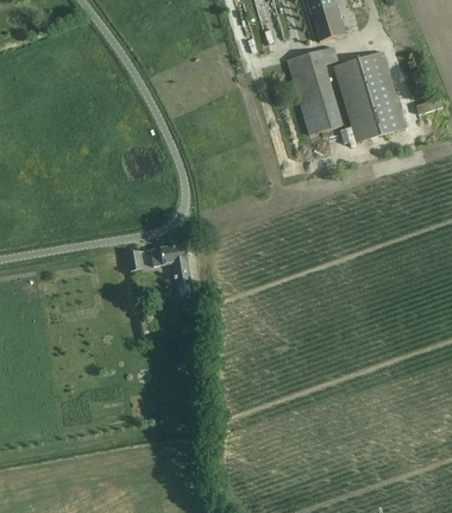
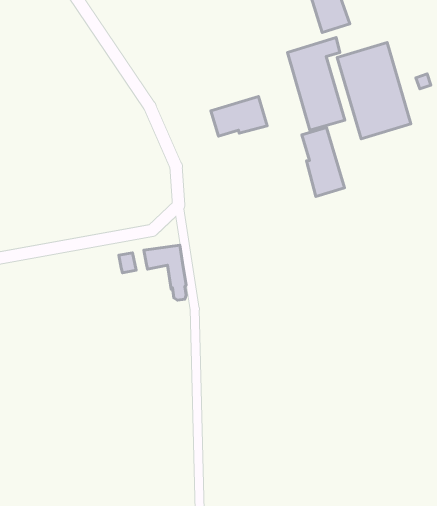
building: none -> [211,96,267,136]
building: none -> [302,128,345,196]

